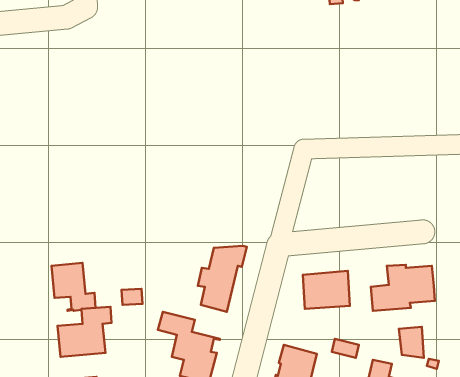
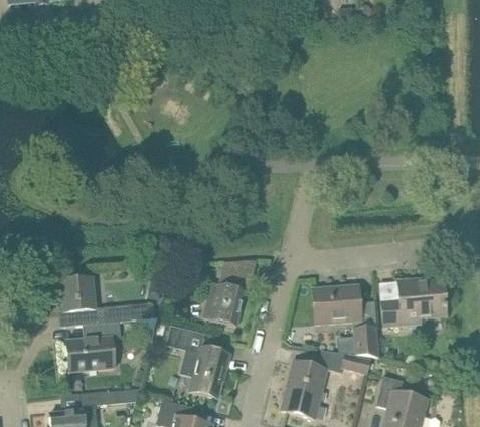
building: [399,327,424,358] -> [353,325,378,356]

